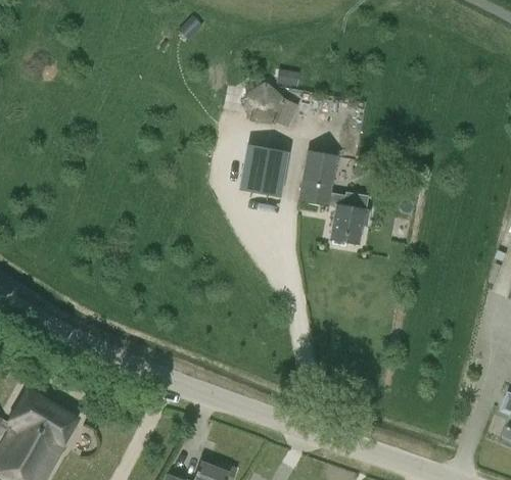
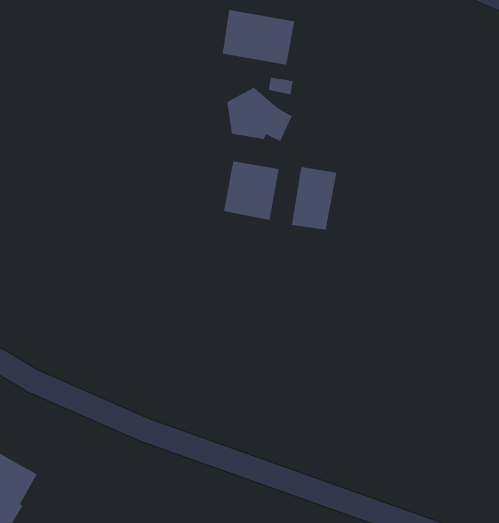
building: none -> [222,9,295,65]
building: [330,193,370,245] -> none

